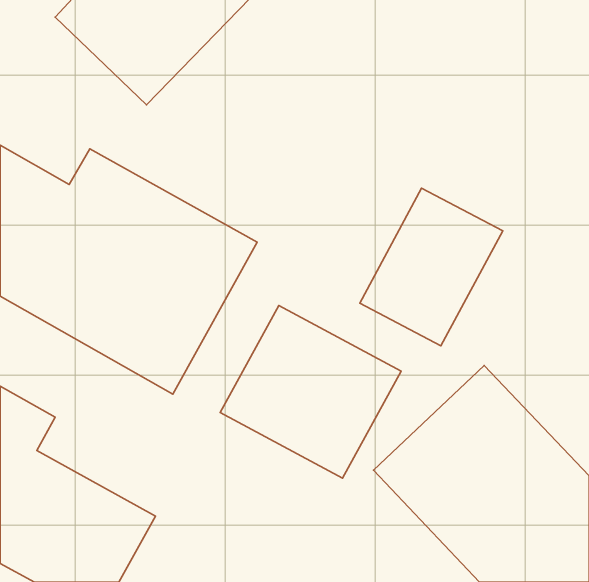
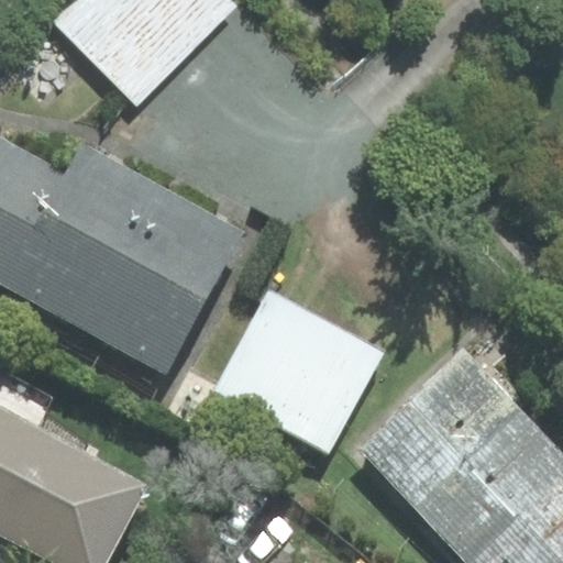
building: [360,188,503,346] -> none

